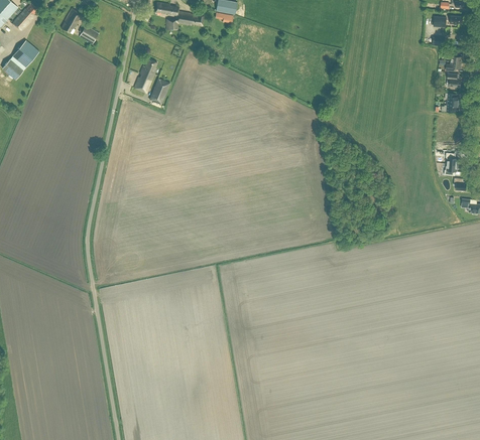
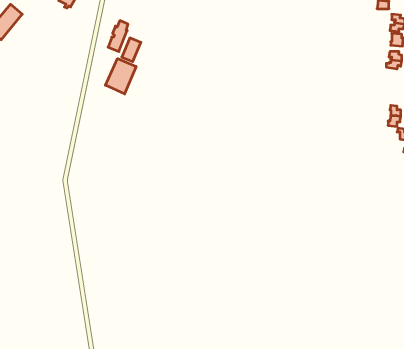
building: none -> [105,59,136,94]

